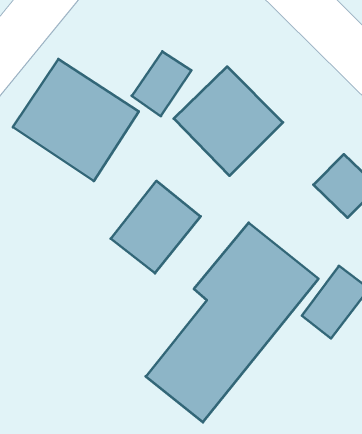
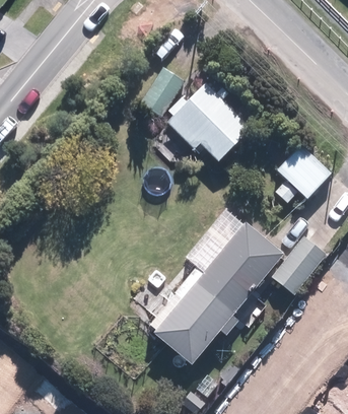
building: [13,59,139,181] -> none
building: [111,181,201,273] -> none

